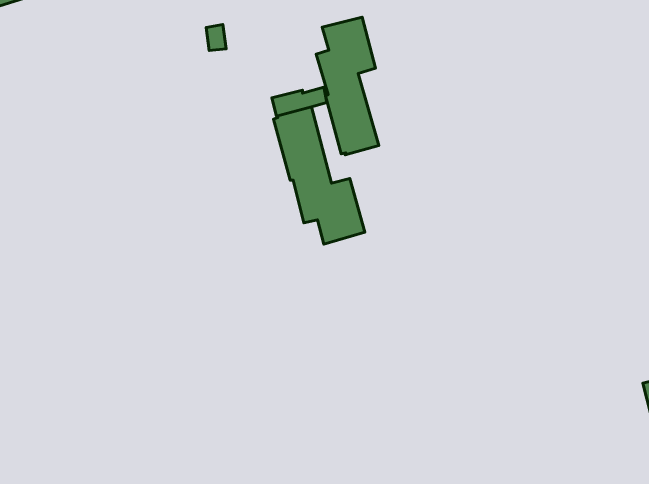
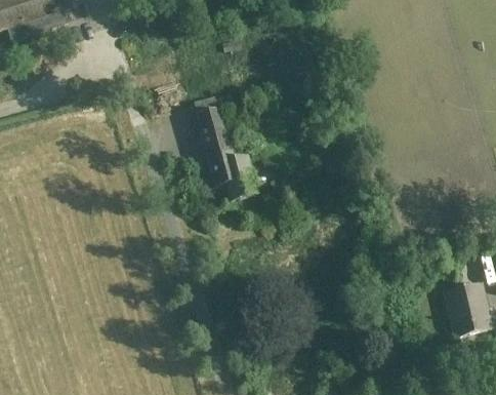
building: [316,17,379,155] -> none

